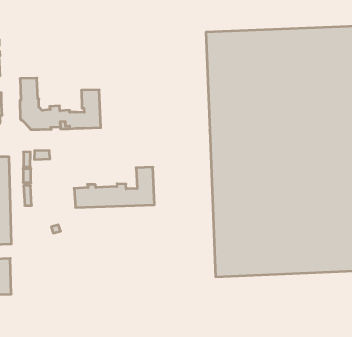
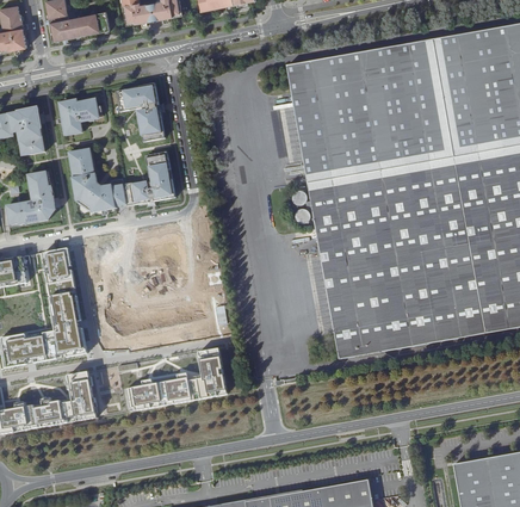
building: none -> [116,84,165,142]
building: none -> [60,99,101,136]
building: [74,167,154,207] -> [126,350,227,412]

